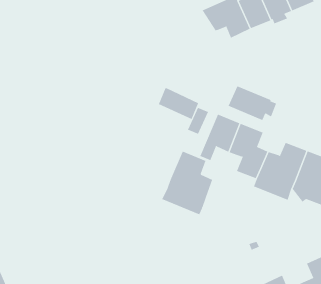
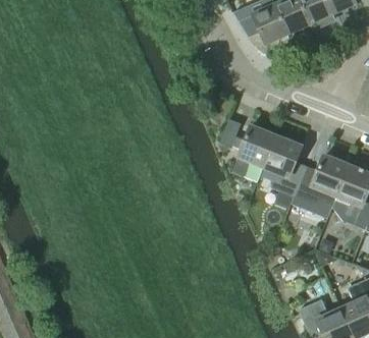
building: [228,85,277,121] -> none
building: [158,87,199,120] -> none
building: [161,151,213,215] -> none

